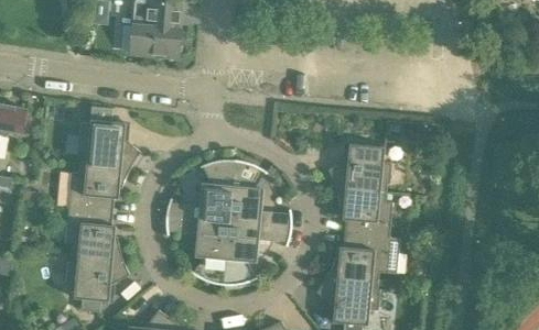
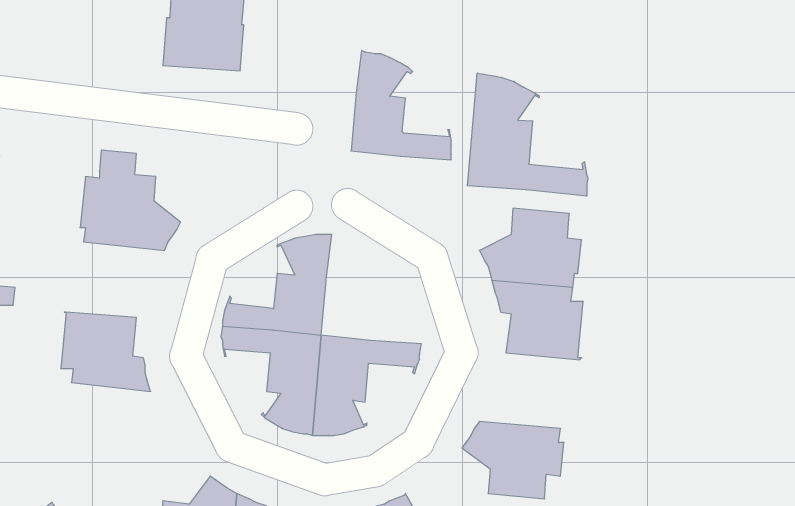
building: none -> [467,73,588,196]
building: [227,158,290,227] -> [351,50,451,160]
building: [66,163,129,210] -> none
building: [326,232,398,279] -> none
building: [65,251,129,311] -> none

